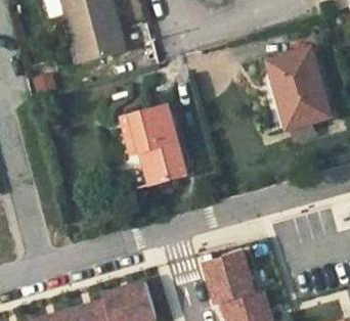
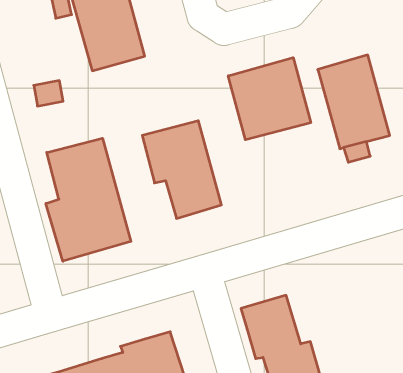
building: none -> [228,58,311,140]
building: none -> [46,138,131,261]

